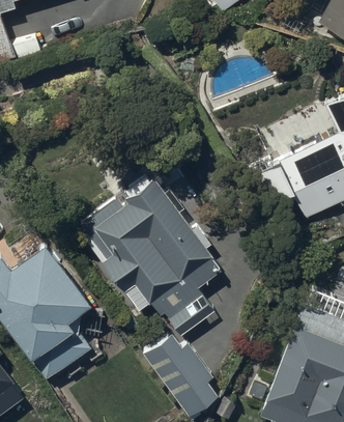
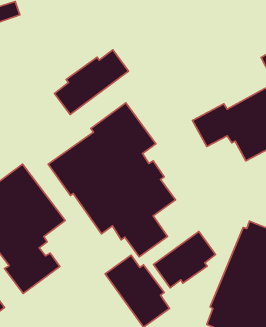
building: none -> [54,50,128,115]
building: none -> [153,231,216,288]

